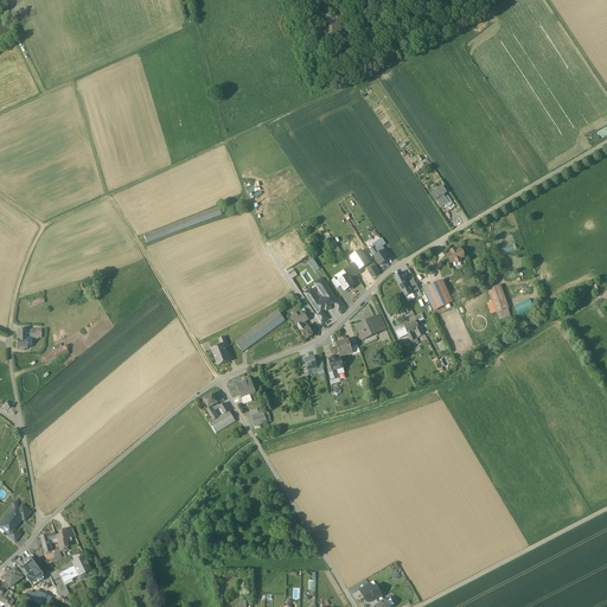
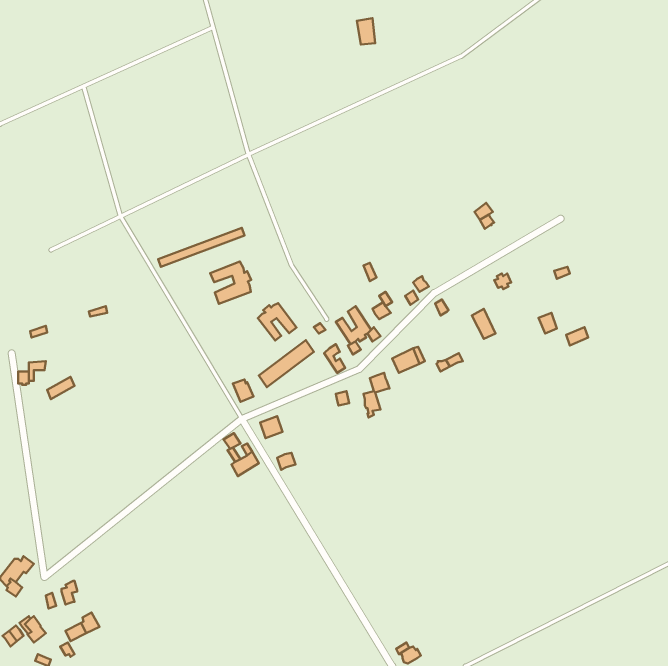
building: none -> [210,262,251,304]
building: none -> [258,303,297,341]

